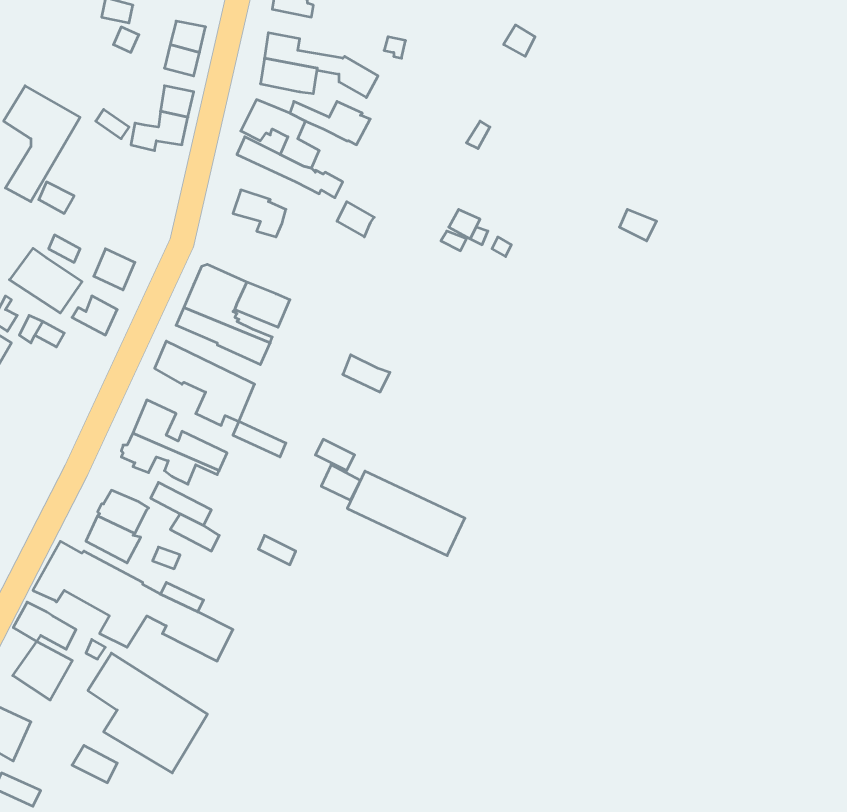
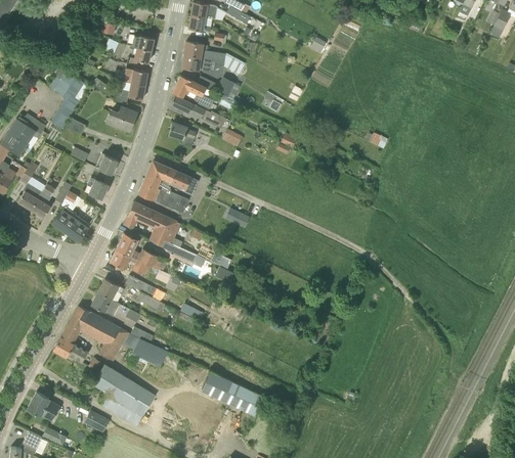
building: none -> [104,106,136,132]
building: [9,248,82,313] -> [51,207,89,240]
building: [347,471,465,556] -> [201,372,262,416]
building: [13,641,72,700] -> none

